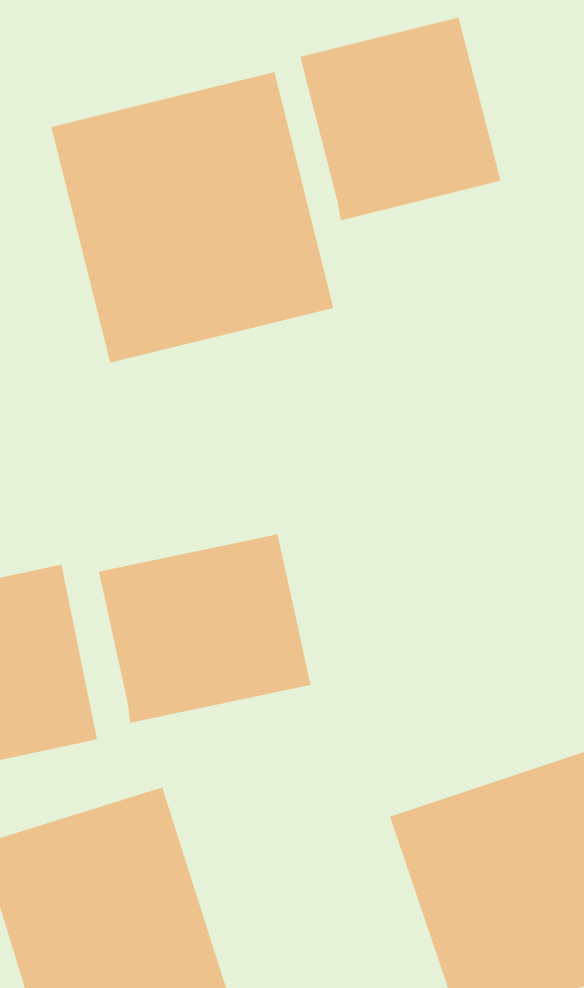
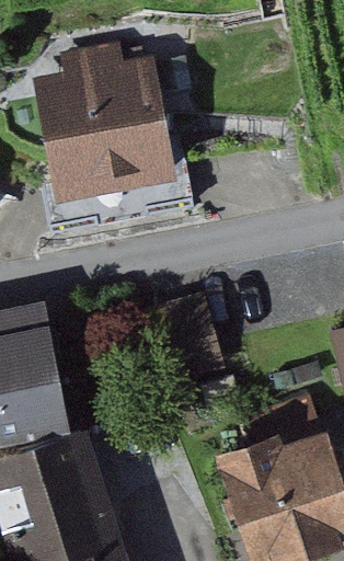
building: [300,17,501,221] -> none
building: [98,534,311,724] -> none

